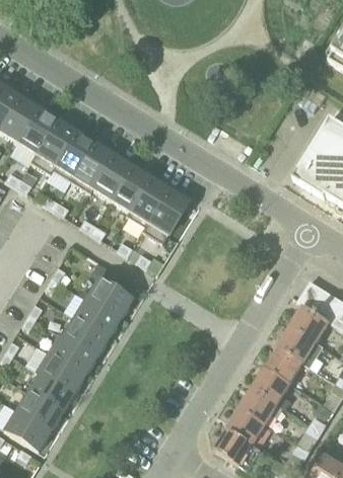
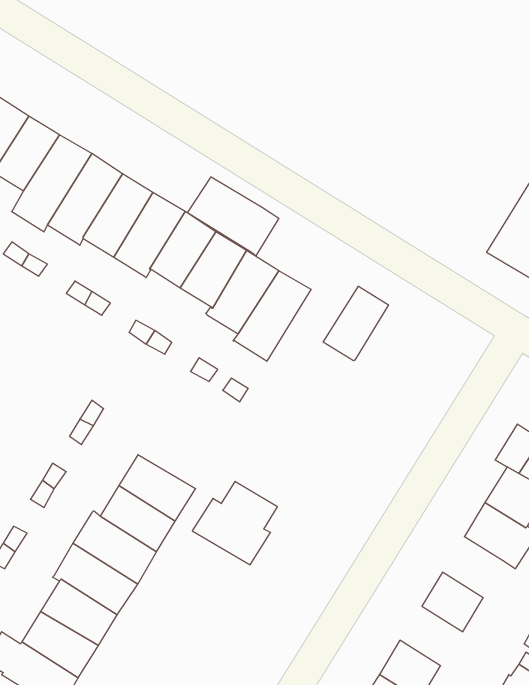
building: none -> [188,177,279,256]
building: none -> [323,286,388,361]
building: [84,267,135,317] -> [192,481,277,565]
building: [266,345,303,382] -> none
building: [241,387,278,422] -> none

